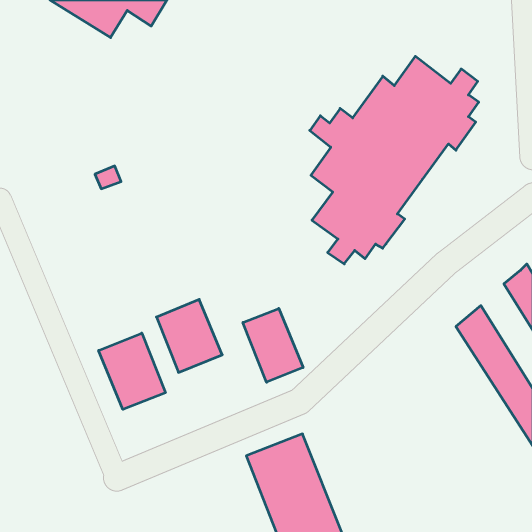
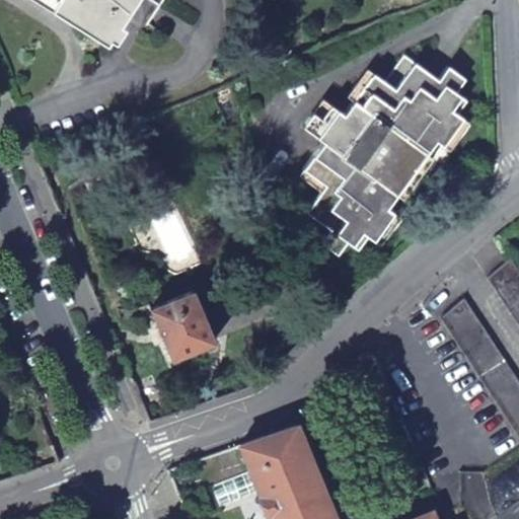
building: [243,308,303,382] -> none
building: [99,333,165,409] -> none

